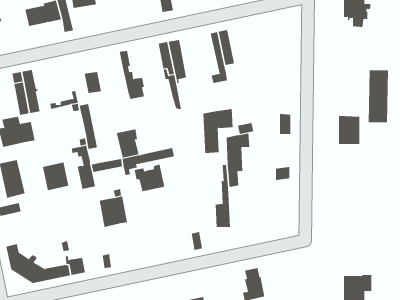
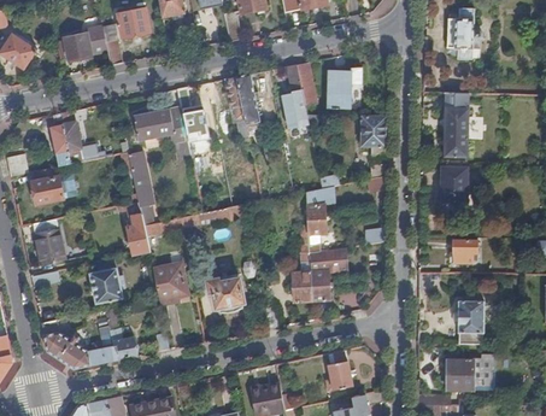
building: none -> [328,66,362,107]
building: none -> [152,106,188,142]
building: [368,70,389,123] -> [444,93,469,157]
building: none -> [362,115,386,156]
building: [203,108,234,153] -> [310,246,347,300]
building: [116,129,139,158] -> none
building: [42,162,69,191] -> [90,268,123,303]
building: [134,164,165,192] -> [207,273,245,306]
building: none -> [453,236,479,262]
building: none -> [458,300,485,344]

